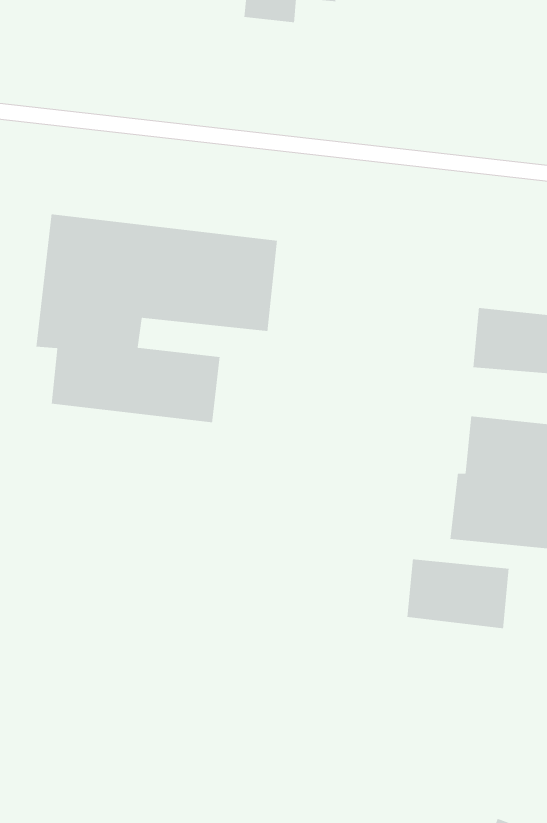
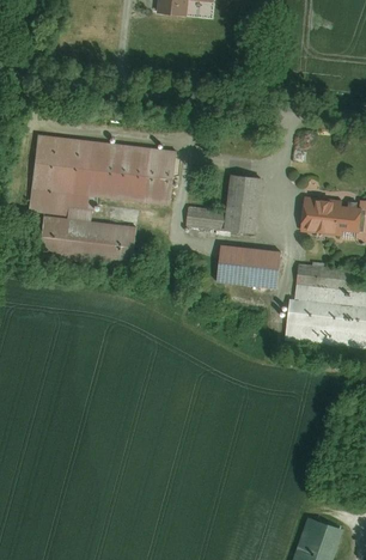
building: none -> [185,174,260,233]
building: [407,559,510,629] -> [215,244,280,288]

